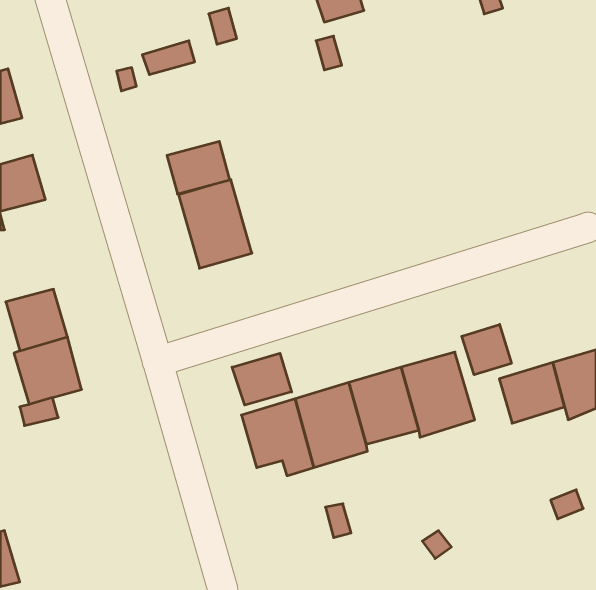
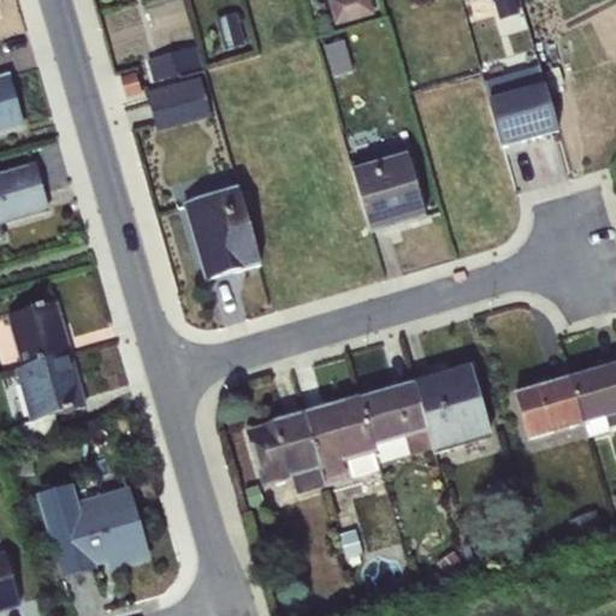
building: none -> [485,61,557,143]
building: none -> [350,143,425,229]
building: [167,141,230,194] -> [146,72,211,126]
building: [462,324,511,375] -> none
building: [232,353,292,405] -> none
building: none -> [37,481,147,573]

